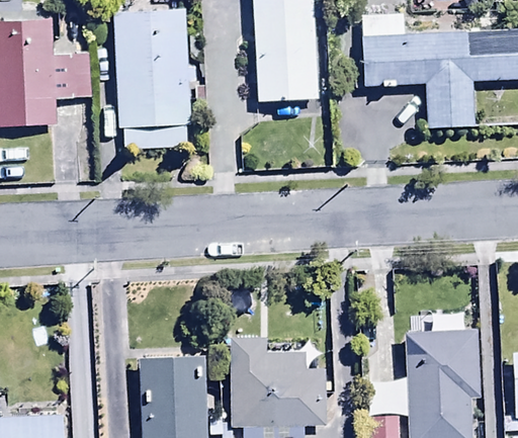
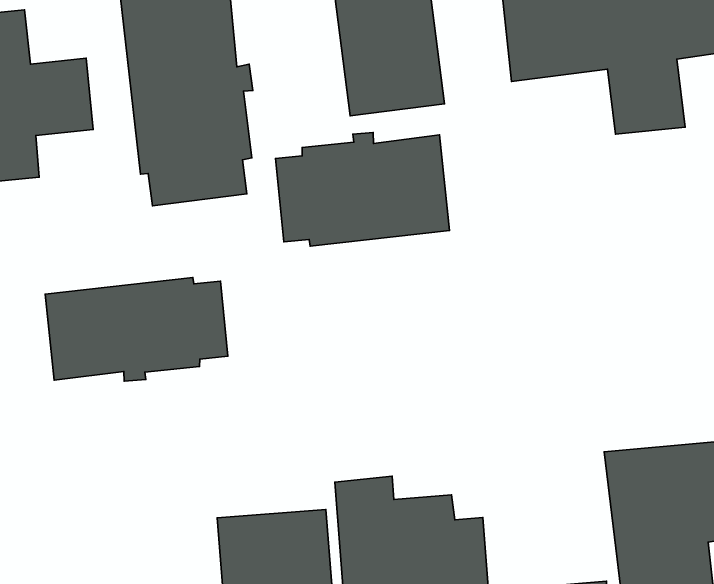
building: none -> [276,132,450,246]
building: none -> [45,278,228,381]

